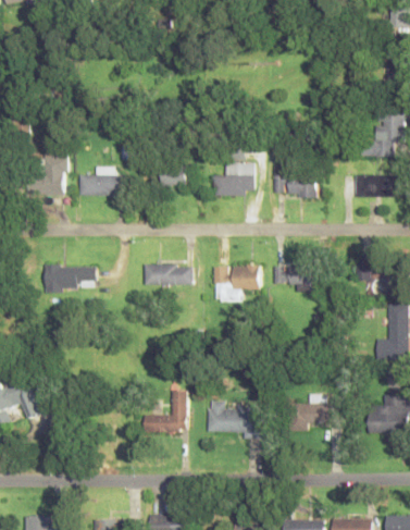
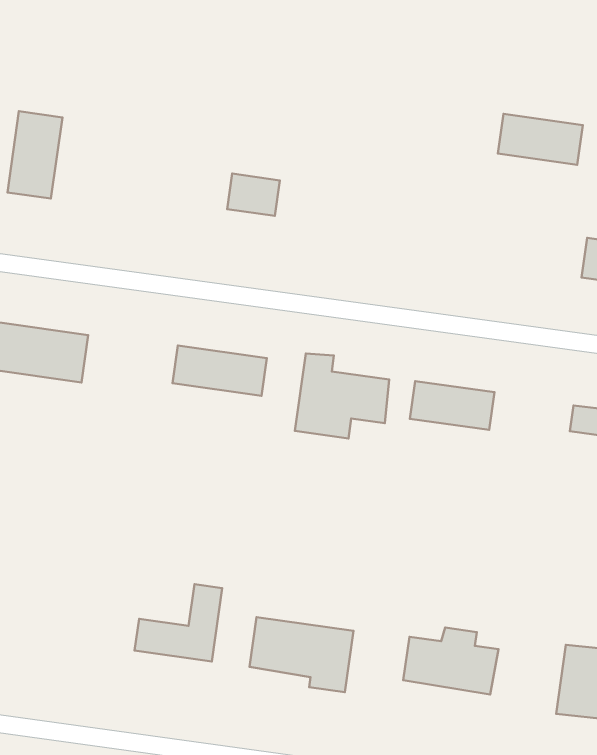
building: [212,162,253,196] -> none
building: [78,168,123,196] -> none
building: [272,175,315,197] -> [498,114,583,165]

